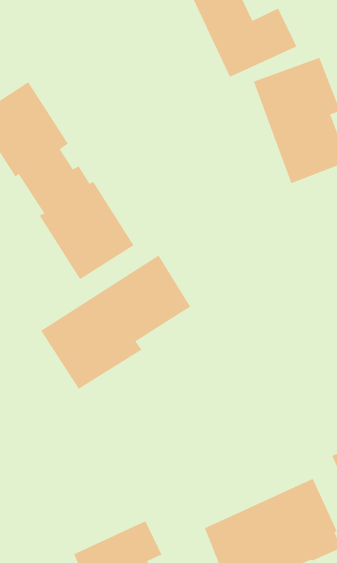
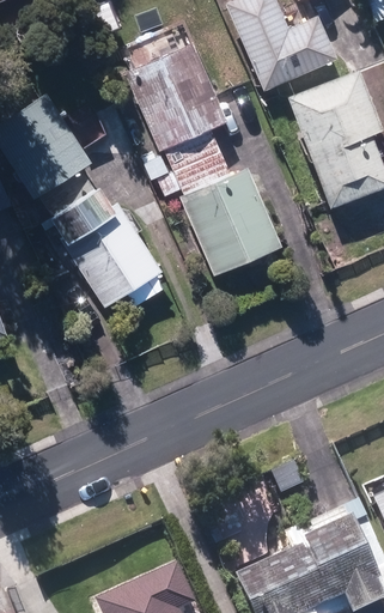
building: none -> [127,44,281,275]
building: [40,255,191,390] -> none

